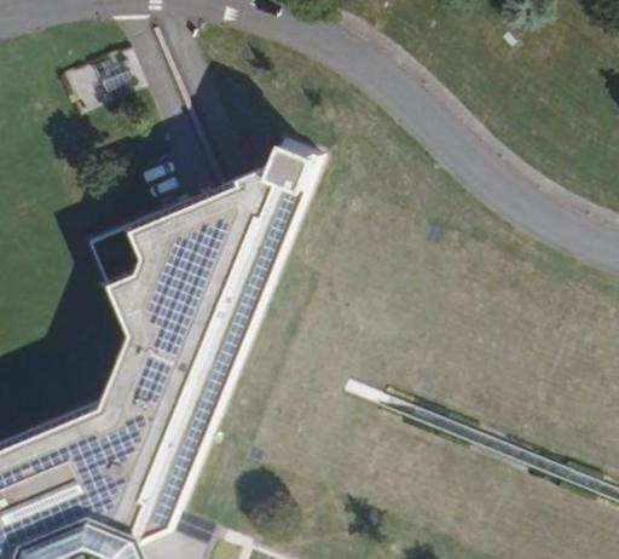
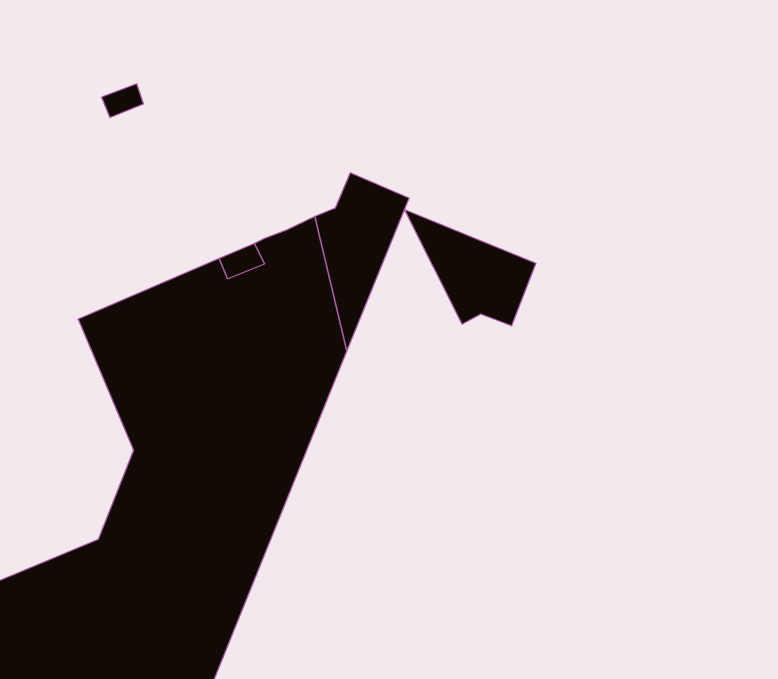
building: none -> [404,210,536,326]

